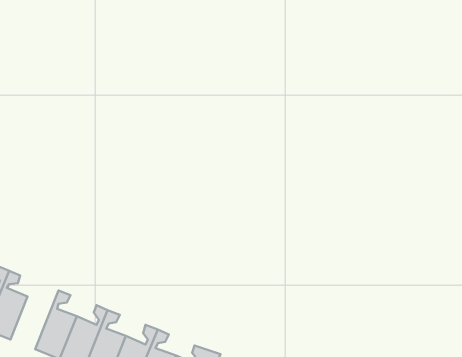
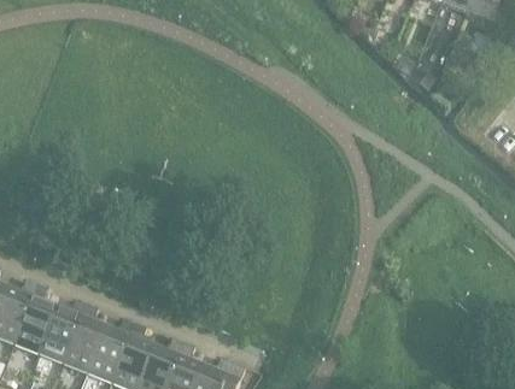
building: none -> [37,299,84,361]

